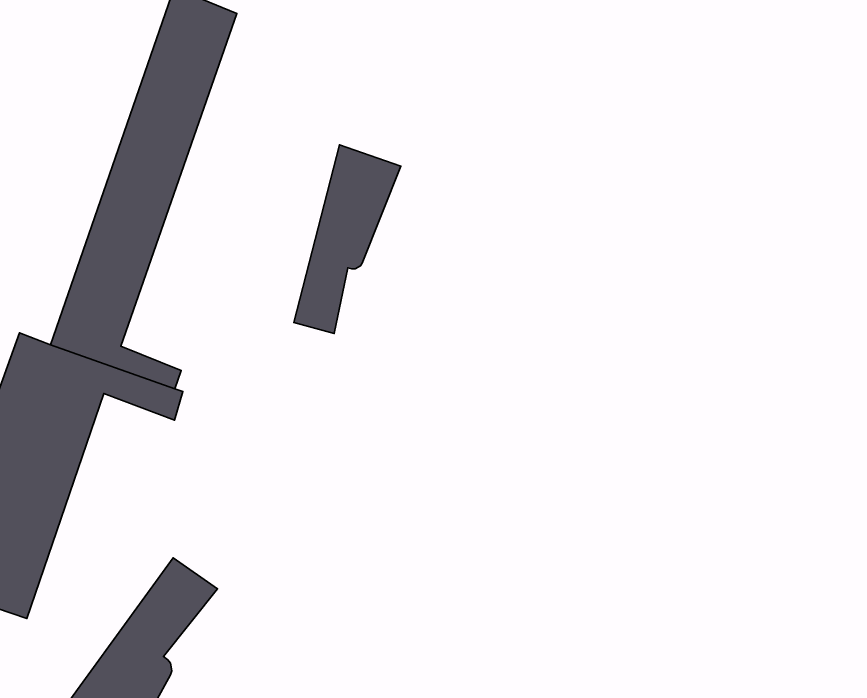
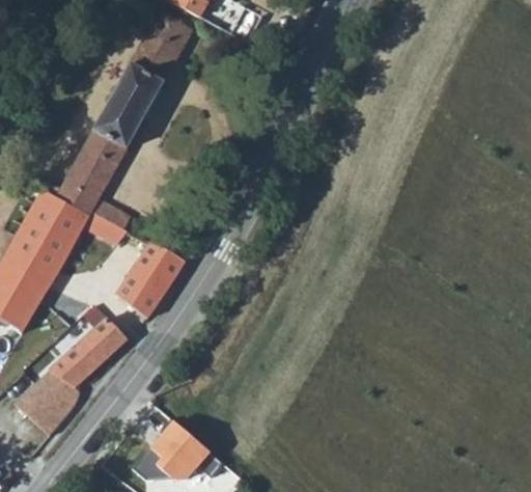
building: [294,145,401,334] -> none
building: none -> [116,242,183,317]

